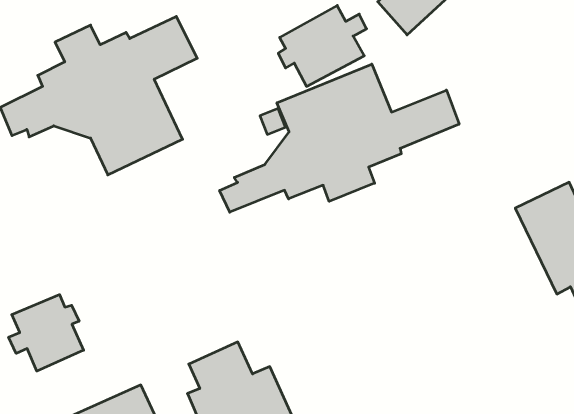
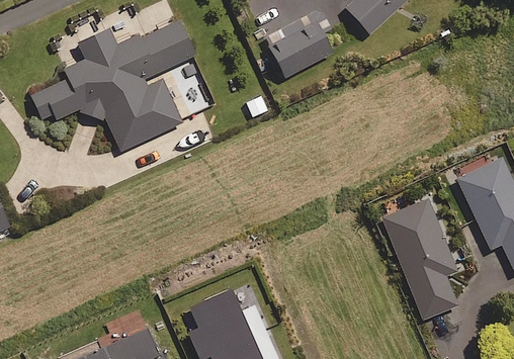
building: [220,64,459,212] -> none
building: none -> [380,199,457,321]
building: [9,295,84,371] -> none

